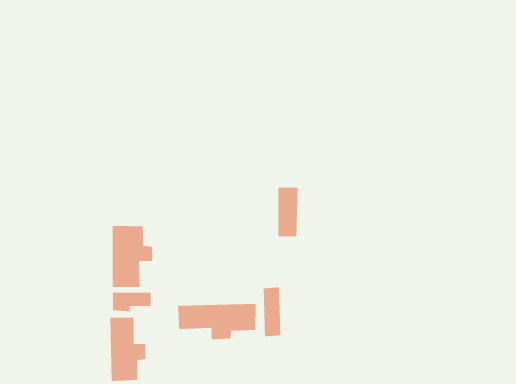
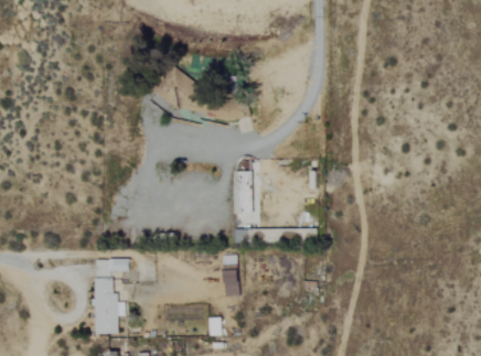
building: [112,225,153,288] -> none
building: [177,303,256,340] -> none

